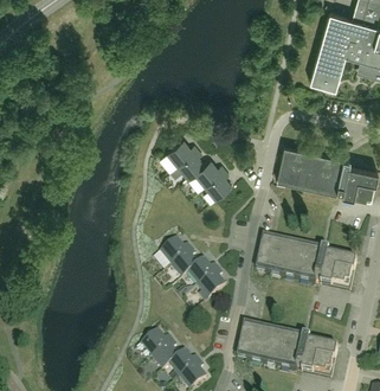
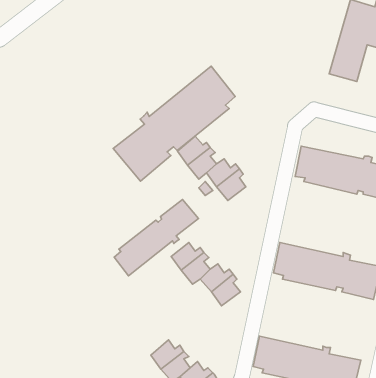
building: none -> [113,66,235,181]
building: none -> [114,200,199,276]

